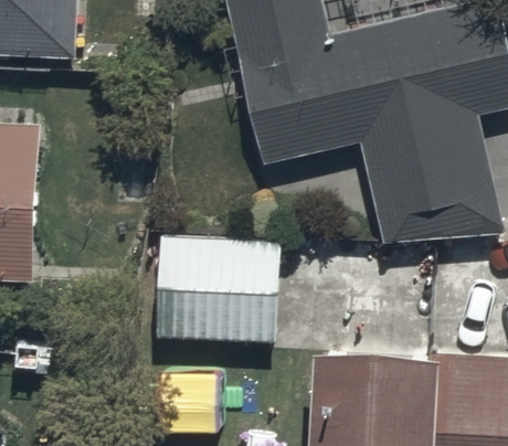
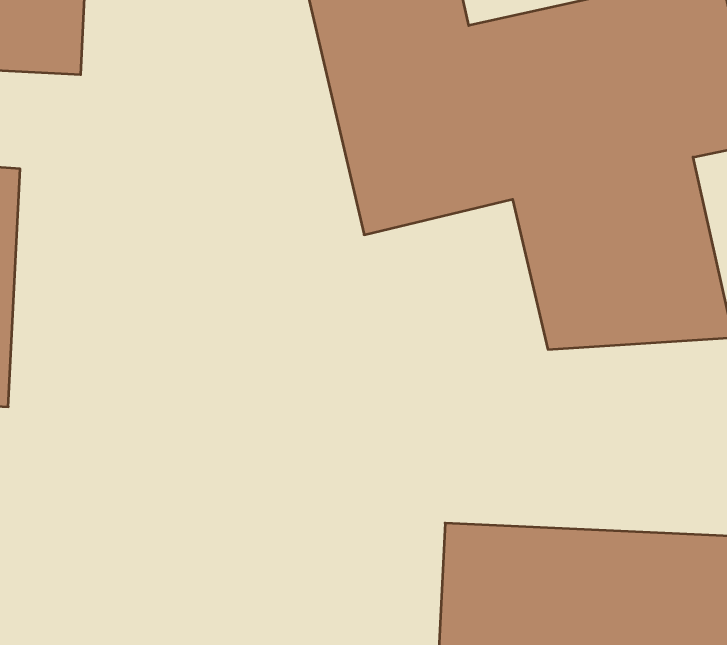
building: [155,231,276,343] -> none

